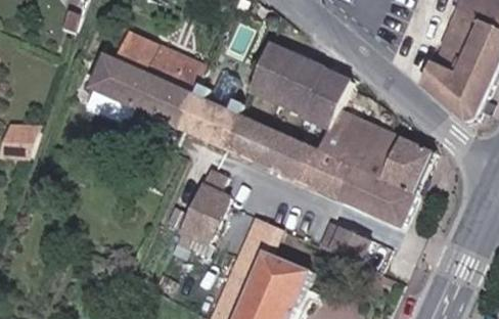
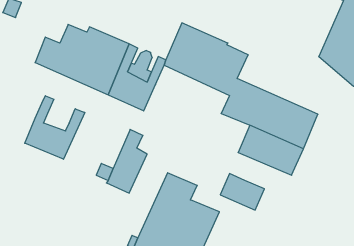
building: [223,117,351,198] -> none
building: none -> [25,96,85,159]

